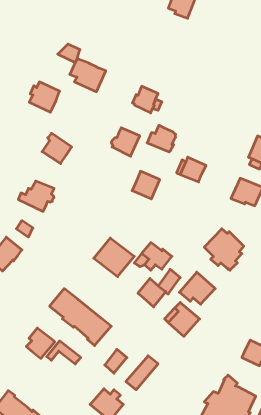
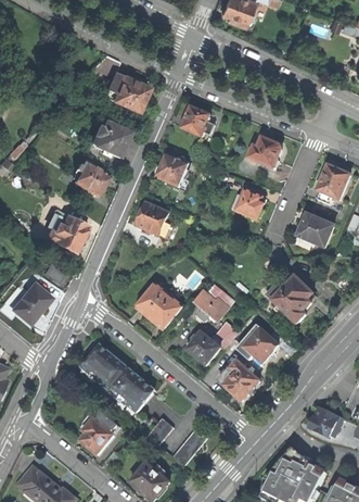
building: [29,82,60,112] -> [92,122,128,158]
building: [147,125,176,152] -> [248,136,282,167]
building: [132,171,160,199] -> [134,203,167,236]
building: [26,328,55,358] -> [80,418,114,454]

